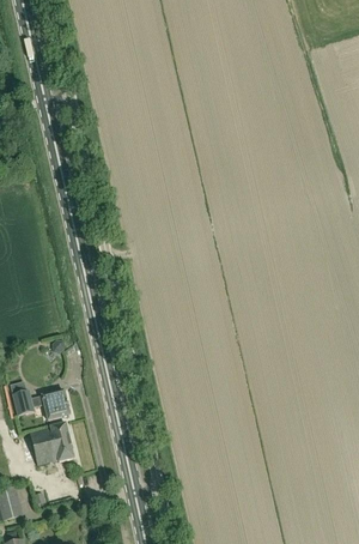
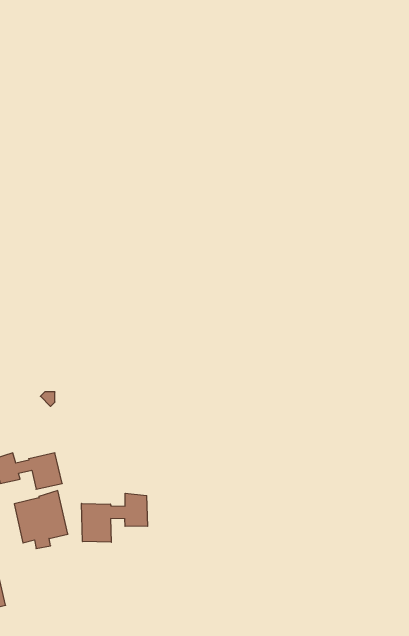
building: none -> [82,493,147,542]

